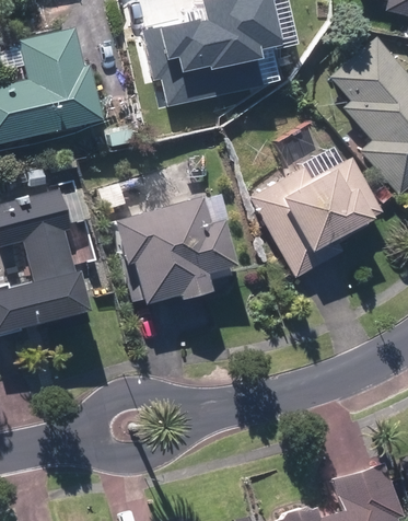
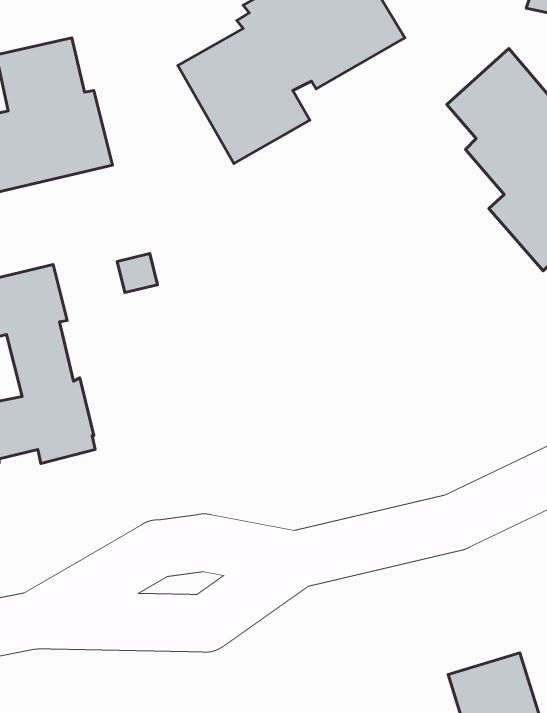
building: [253,159,381,278] -> none
building: [109,197,233,305] -> none

